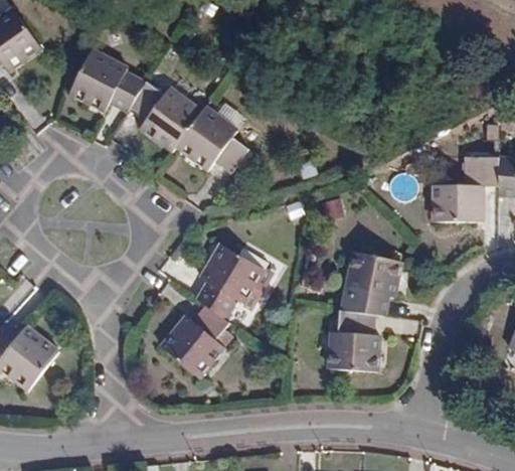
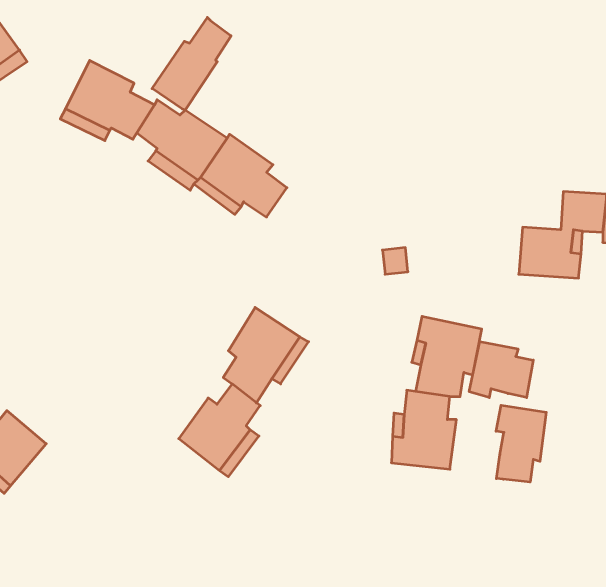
building: none -> [152,17,231,110]
building: none -> [469,342,533,398]
building: none -> [496,405,546,482]

